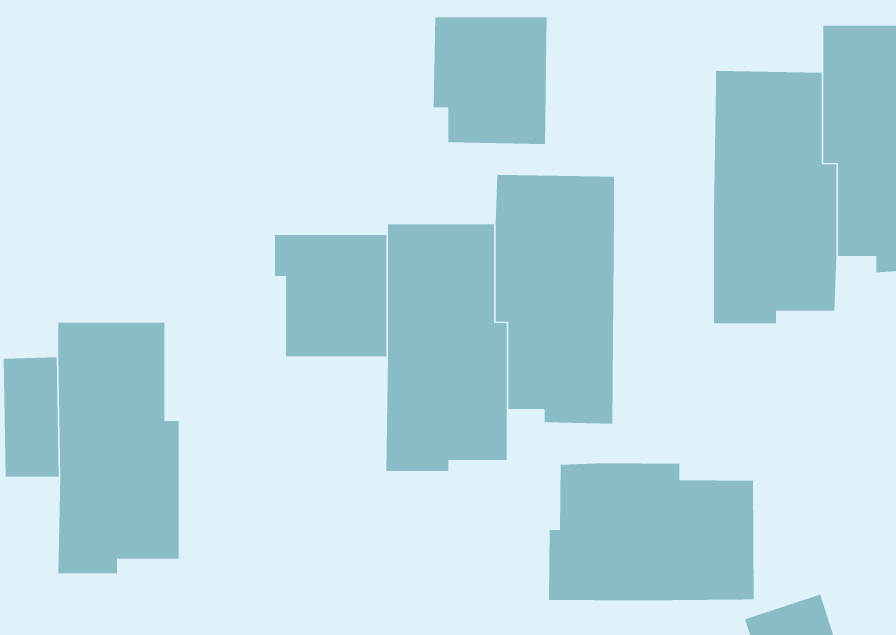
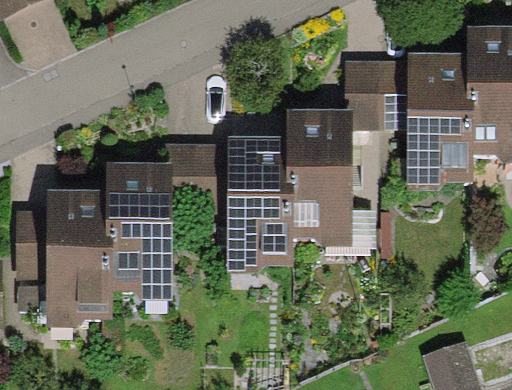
building: [433,17,548,144] -> [346,60,409,130]
building: none -> [107,165,173,298]
building: [549,462,754,601] -> none

